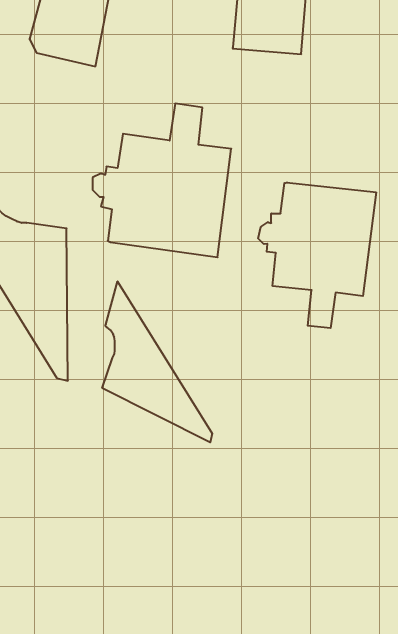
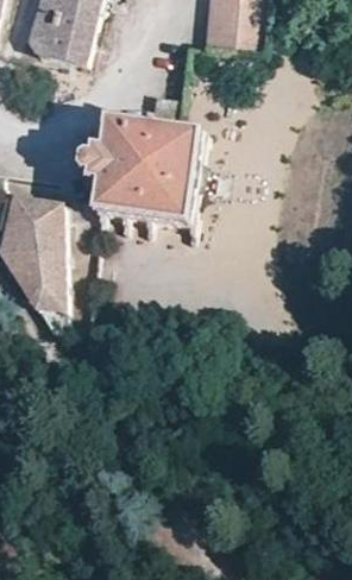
building: [258,182,376,328] -> none
building: [102,281,212,442] -> none

